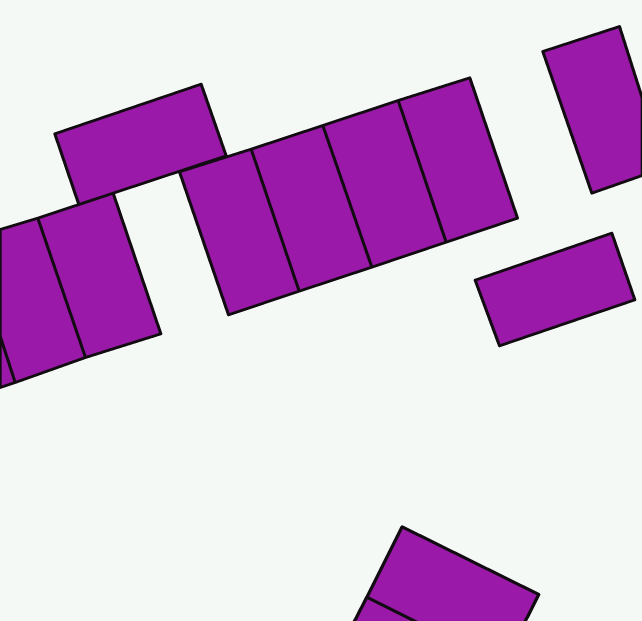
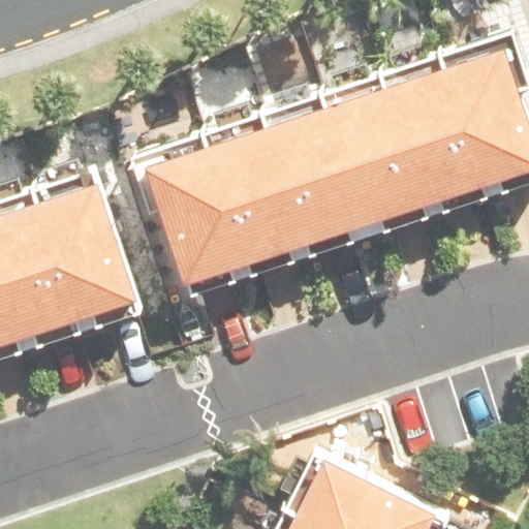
building: none -> [386,59,487,196]
building: [55,84,226,204] -> none
building: [475,233,635,346] -> none

